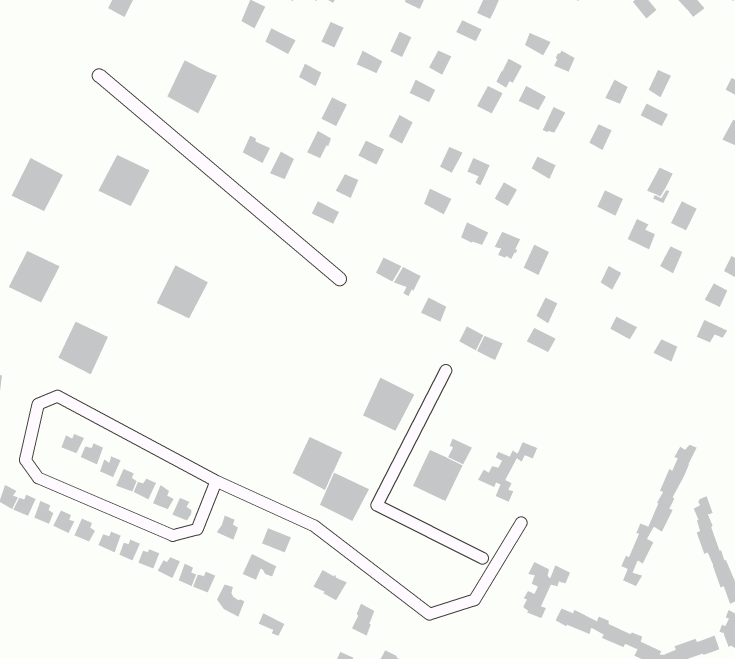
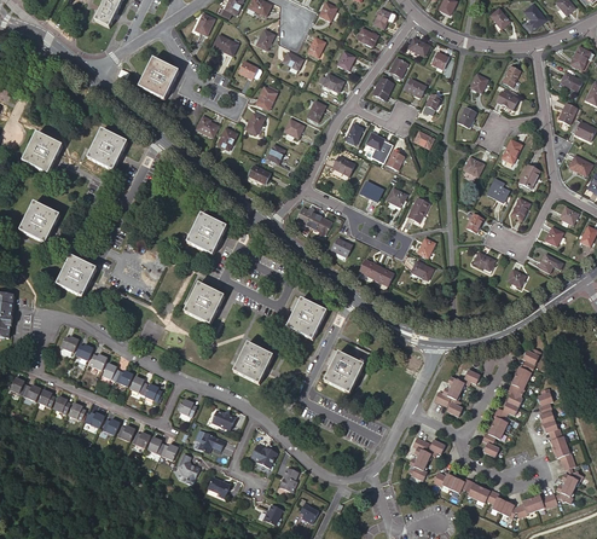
building: [156,265,209,319] -> [187,213,227,254]
building: none -> [185,283,225,323]
building: [477,442,538,502] -> [434,370,480,416]
building: [319,472,370,522] -> none

